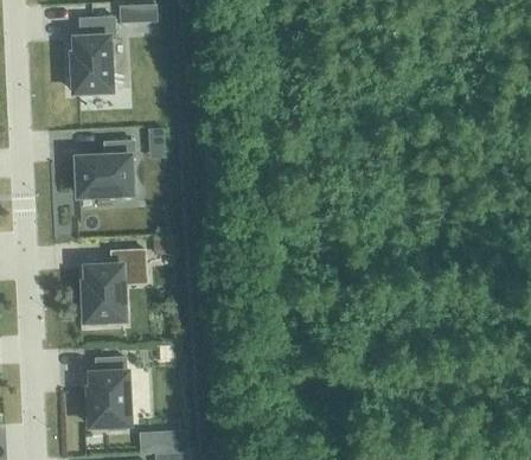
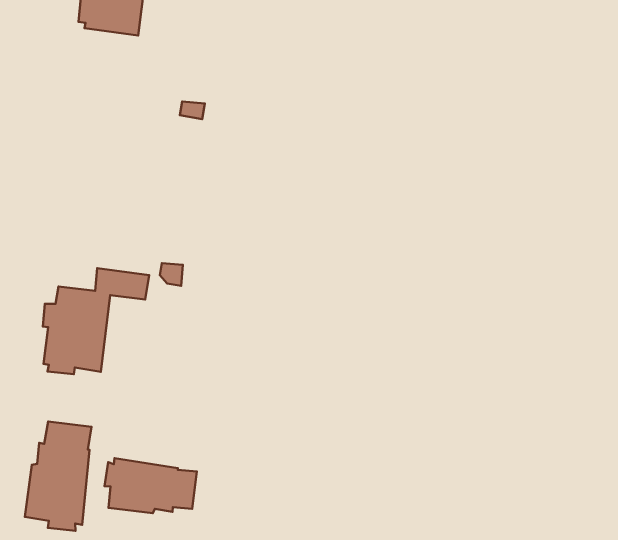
building: [72,142,134,197] -> none
building: none -> [104,458,197,513]

